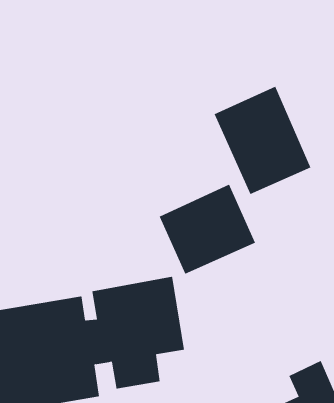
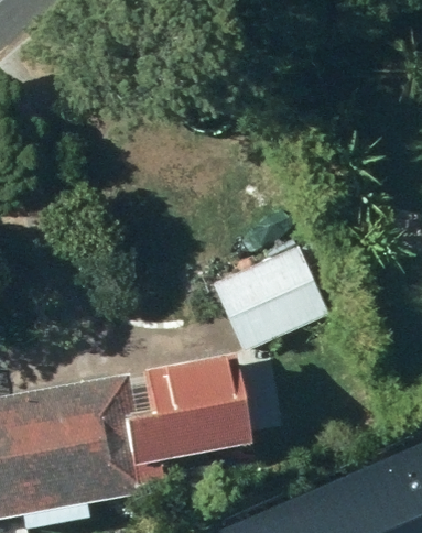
building: [214,86,311,195] -> none

